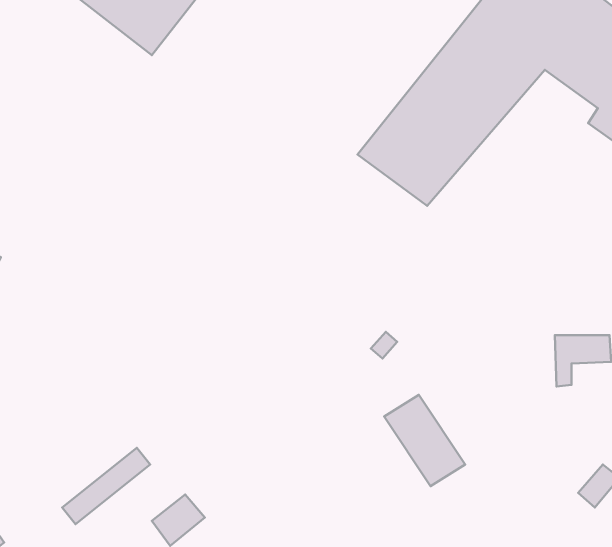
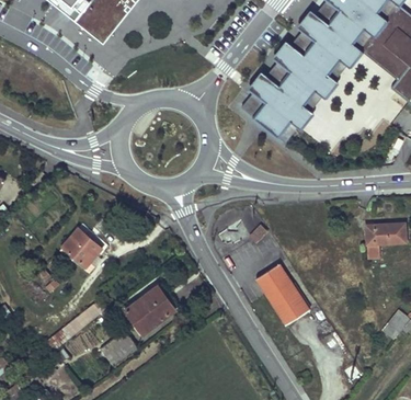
building: none -> [61,226,101,264]
building: none -> [125,283,174,331]

